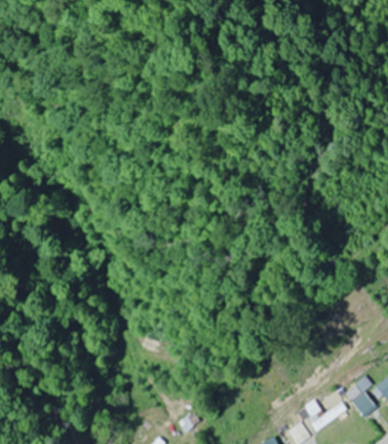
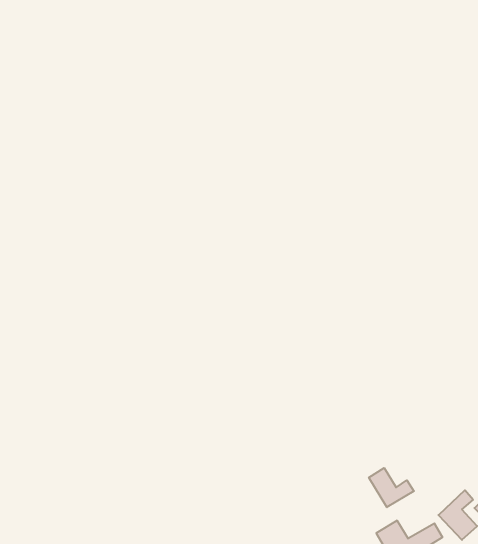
building: none -> [369,468,414,507]

